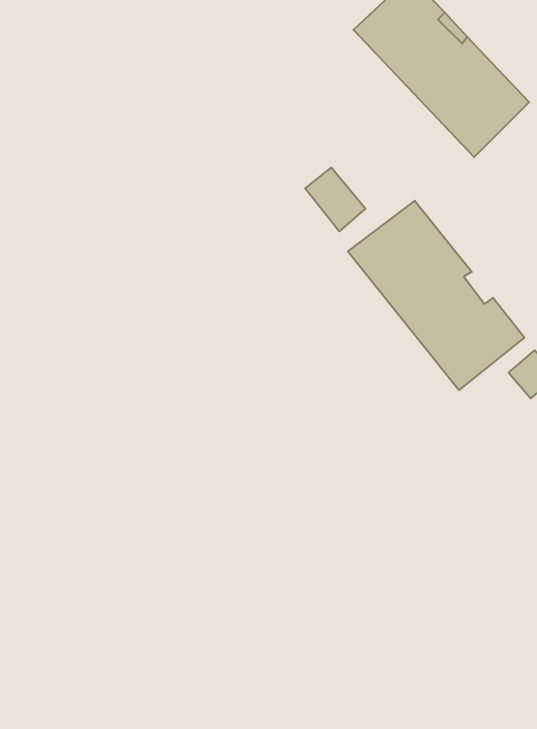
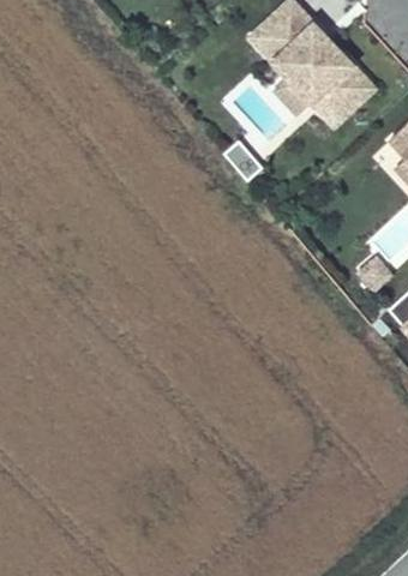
building: [348,201,524,390] -> none

